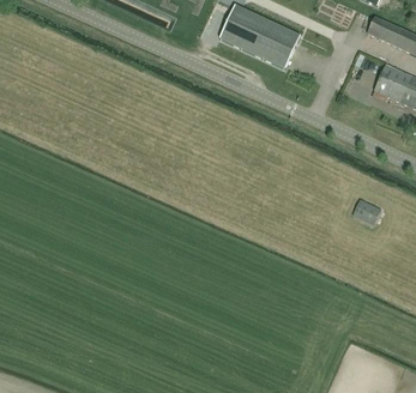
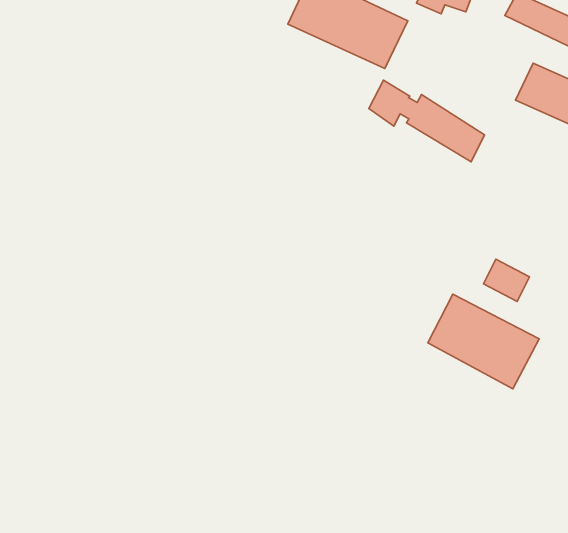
building: none -> [369,80,484,162]
building: none -> [428,294,539,389]

